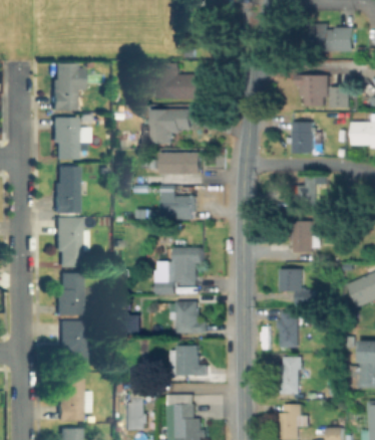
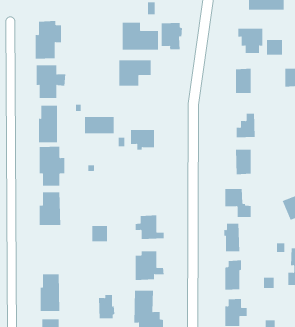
building: none -> [161,22,182,50]
building: [164,155,202,176] -> [84,117,114,134]
building: [158,248,205,294] -> none
building: [59,321,84,370] -> none

